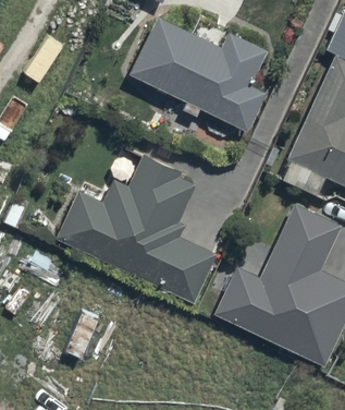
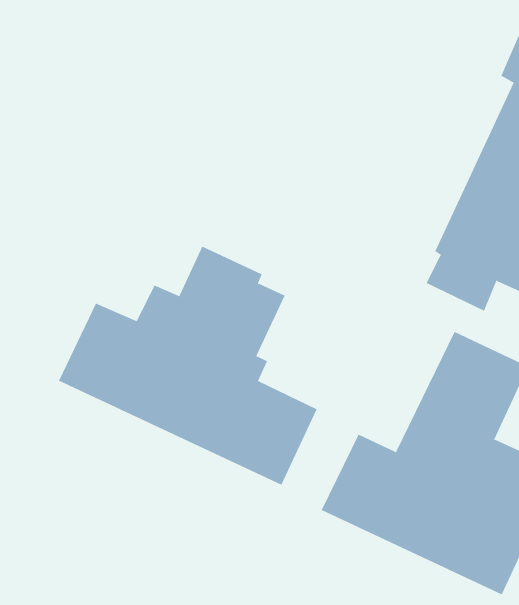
building: [127,15,267,131] -> none

